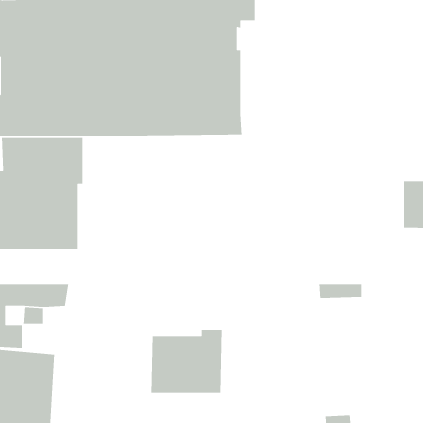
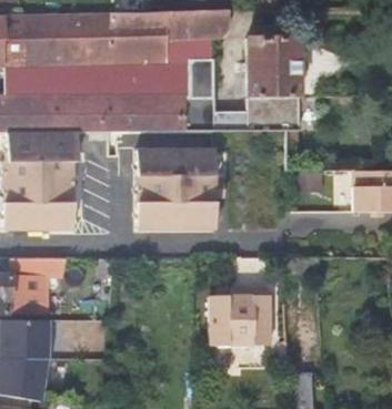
building: none -> [214,34,299,156]
building: none -> [137,150,225,229]
building: [151,329,223,393] -> [210,290,272,346]

